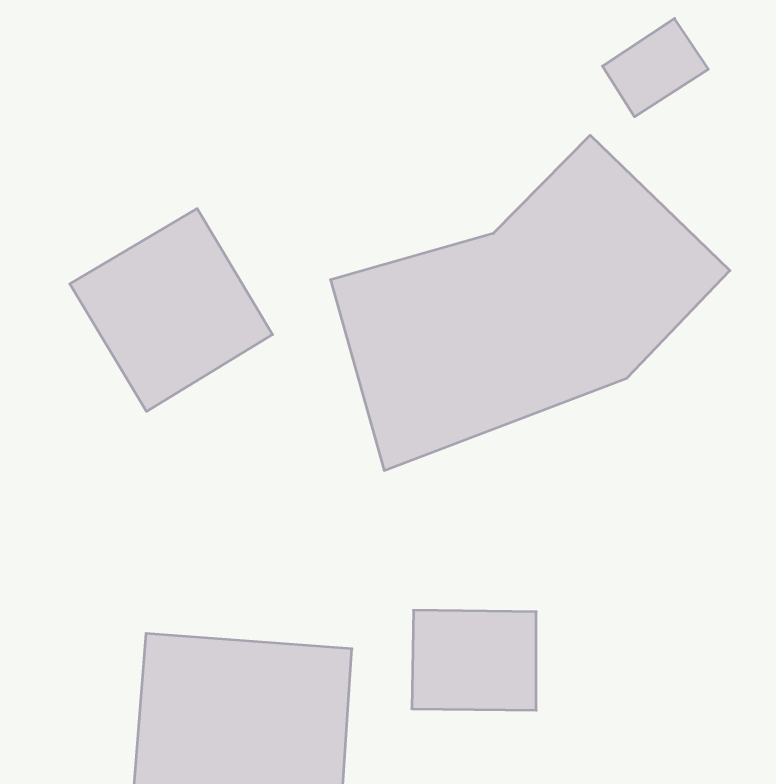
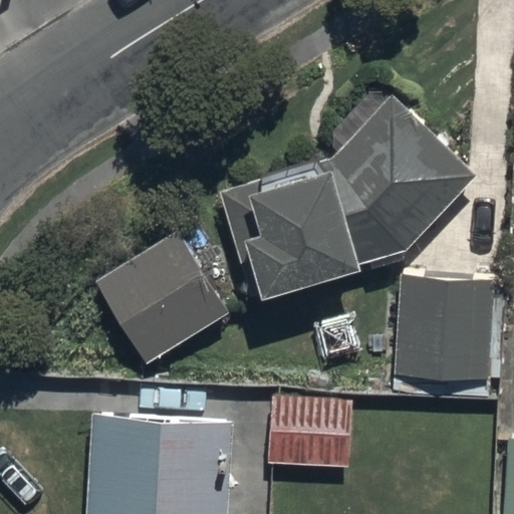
building: [70,209,273,411] -> [94,231,227,363]
building: none -> [401,276,491,381]

